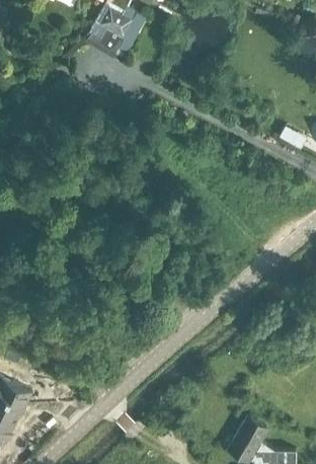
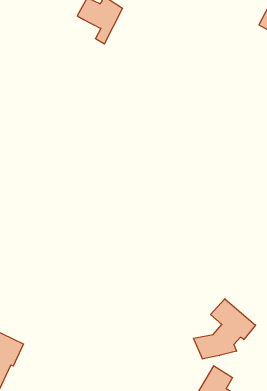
building: none -> [193,299,256,359]

